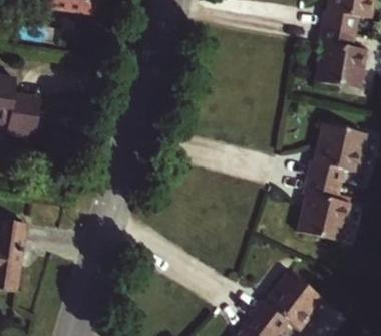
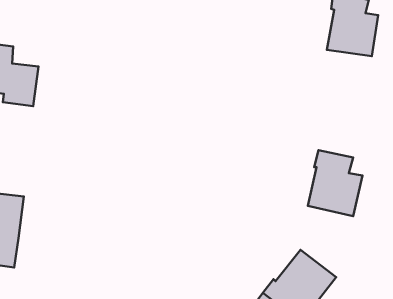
building: [308,124,366,185] -> none

